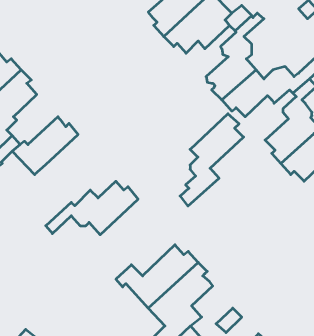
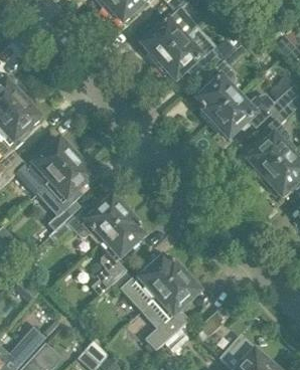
building: [180,114,244,206] -> [89,212,146,296]
building: none -> [38,154,93,230]

